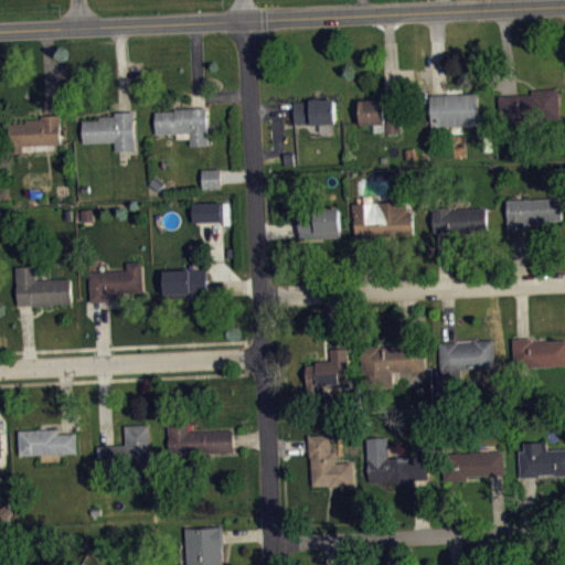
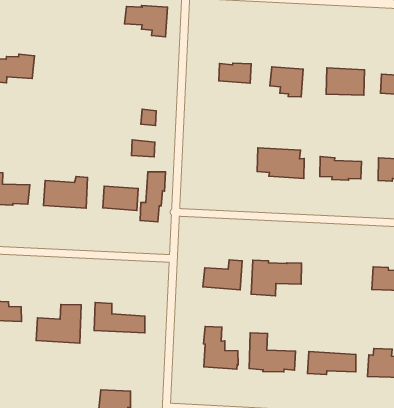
building: [154,108,207,146] -> [125,5,167,37]
building: [82,113,134,151] -> none
building: [298,209,339,239] -> none
building: none -> [140,172,166,222]
building: [438,340,493,383] -> none

